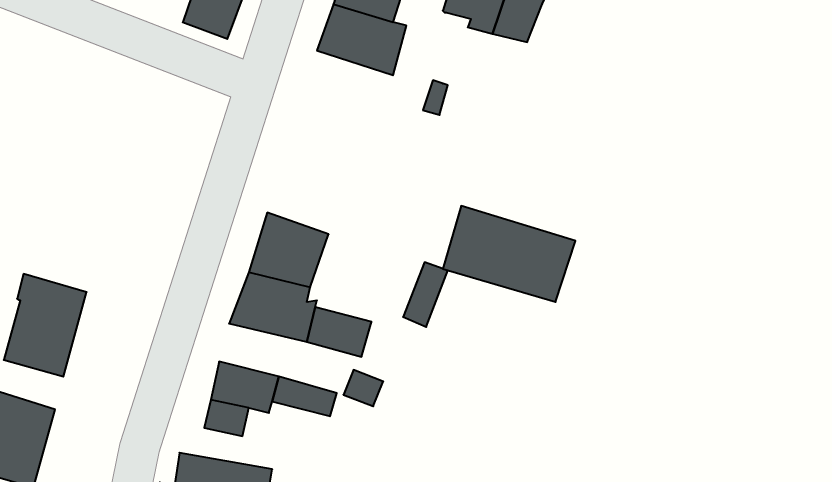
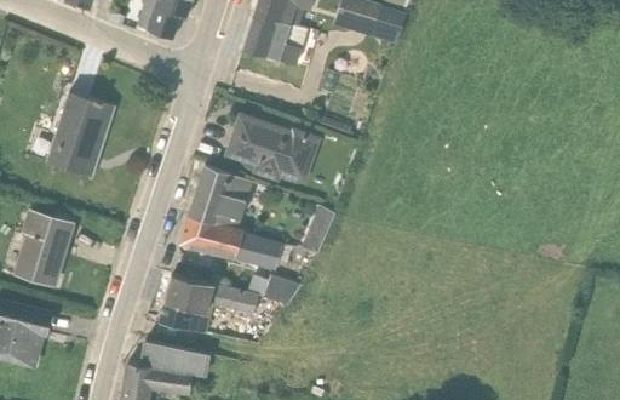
building: none -> [46,91,115,176]
building: [443,206,575,302] -> [223,110,320,181]

